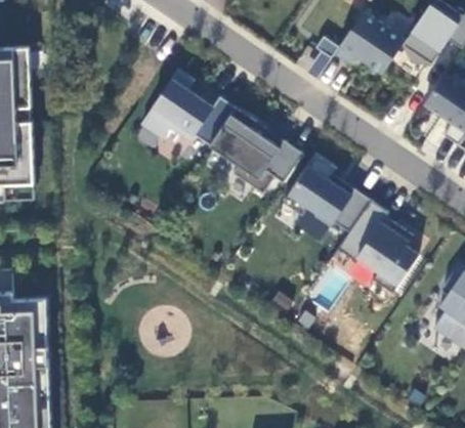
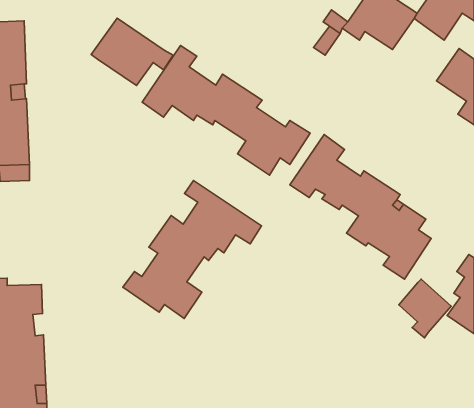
building: none -> [91,18,173,86]
building: none -> [123,180,261,318]
building: none -> [399,279,451,338]

